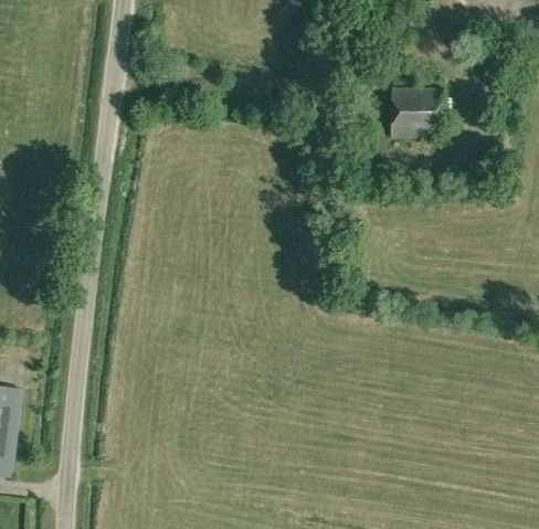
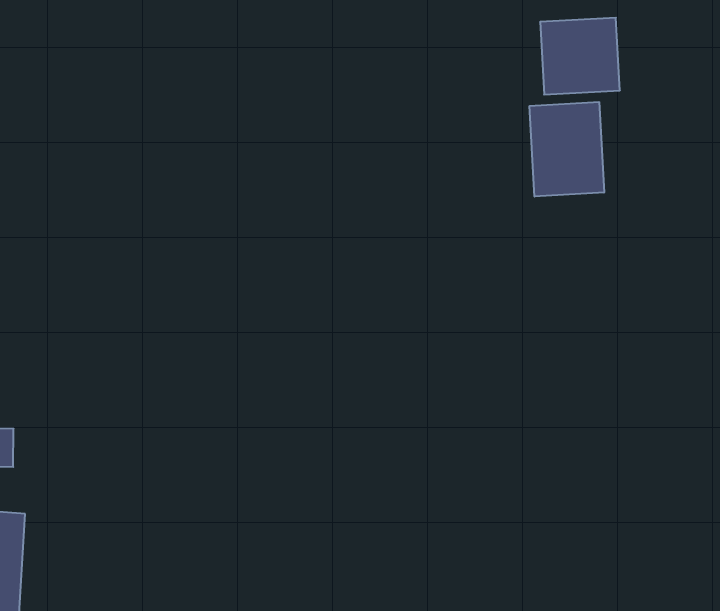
building: none -> [530,102,604,197]

